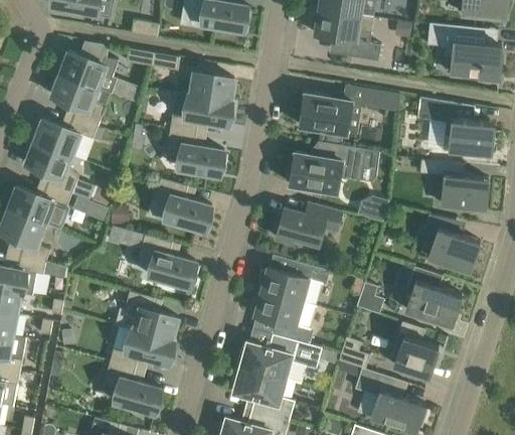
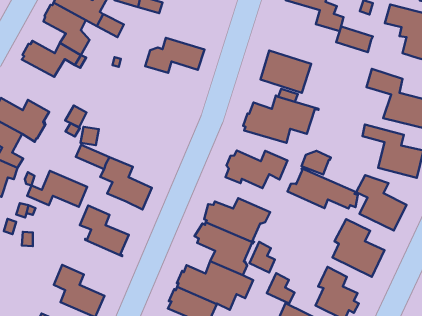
building: [188,74,233,104] -> none
building: [361,90,400,114] -> [336,26,373,52]
building: [166,131,223,177] -> none
building: [25,143,78,196] -> none
building: [154,180,211,233] -> none
building: none -> [287,168,358,208]
building: [356,283,383,315] -> [250,242,275,273]
building: [110,331,174,370] -> [27,171,87,207]

